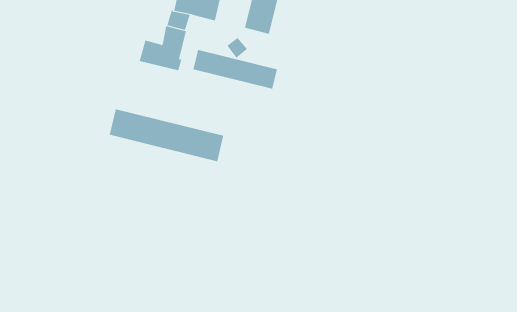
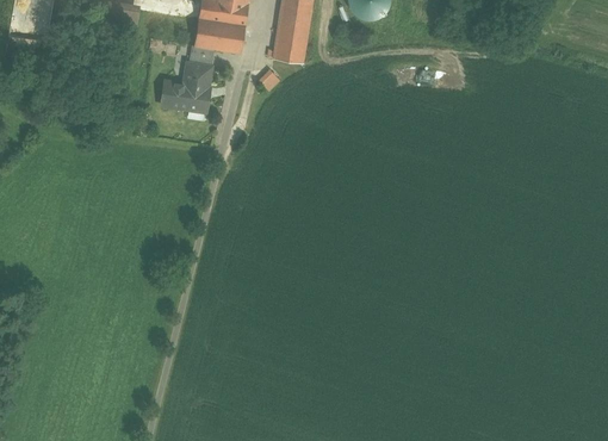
building: [193,49,277,89] -> none
building: [109,108,224,162] -> none

